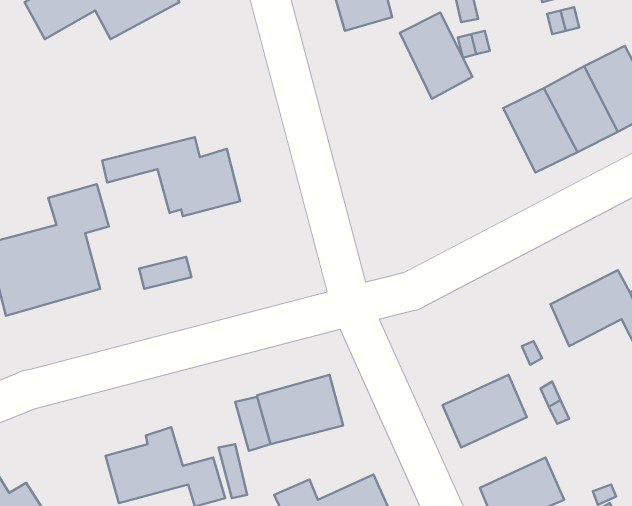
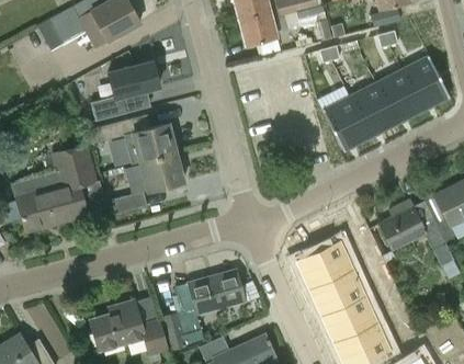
building: [400,13,472,99] -> [322,95,370,151]
building: none -> [91,60,159,121]
building: none -> [140,156,184,191]
building: none -> [296,241,352,288]
building: none -> [321,296,376,342]

